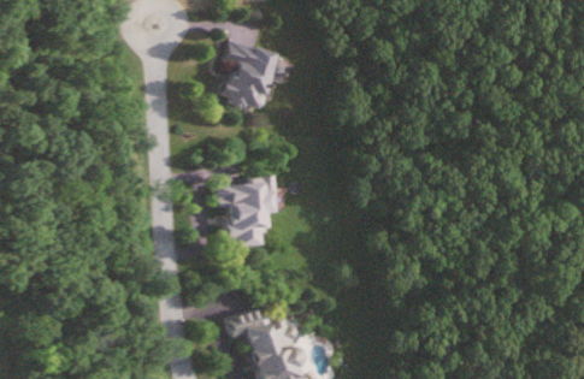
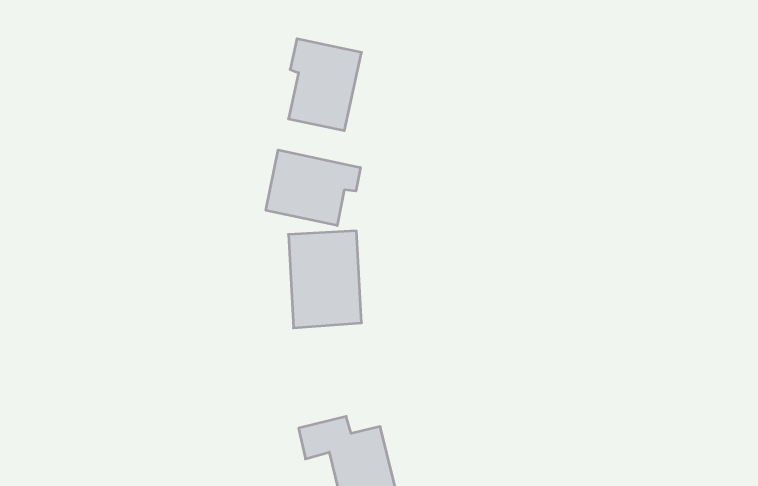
building: none -> [266,150,360,226]

